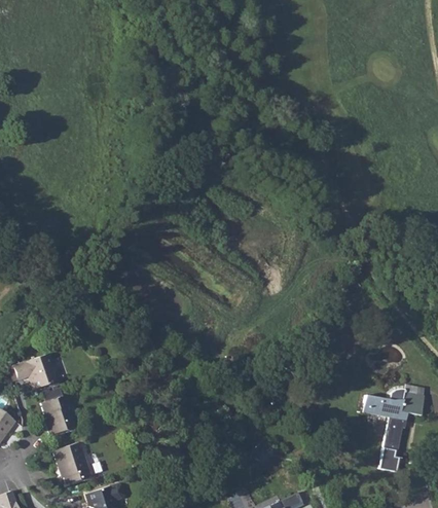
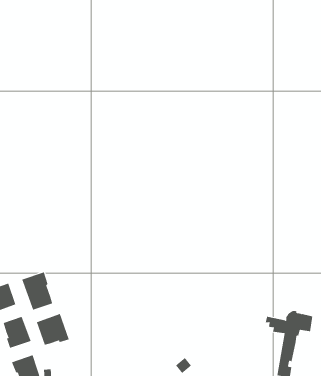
building: none -> [22,272,53,311]
building: none -> [36,313,70,346]

